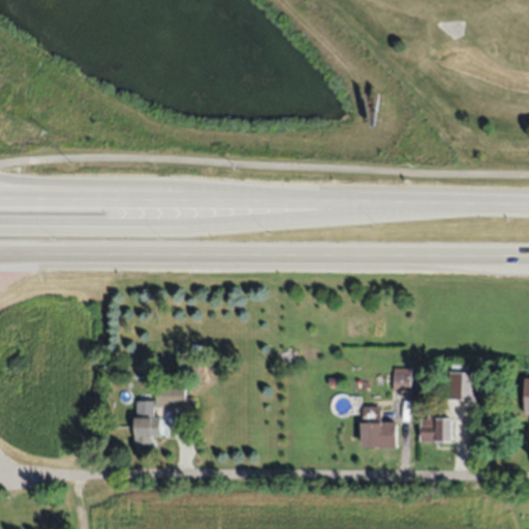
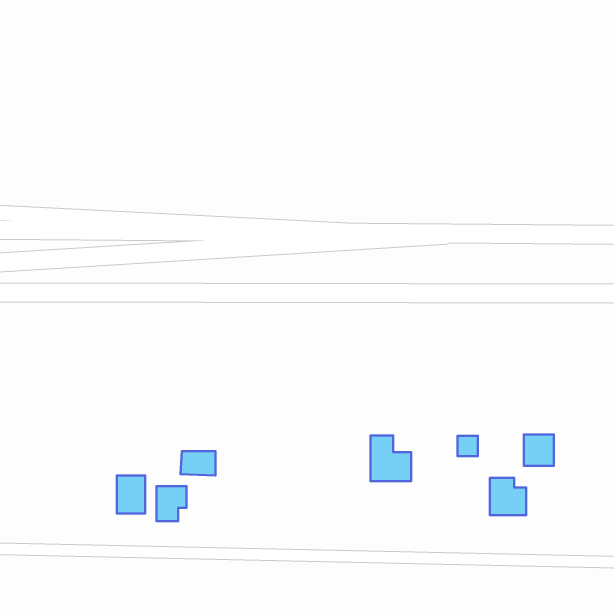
building: [362,407,397,446] -> [370,435,411,481]
building: none -> [117,475,145,514]

